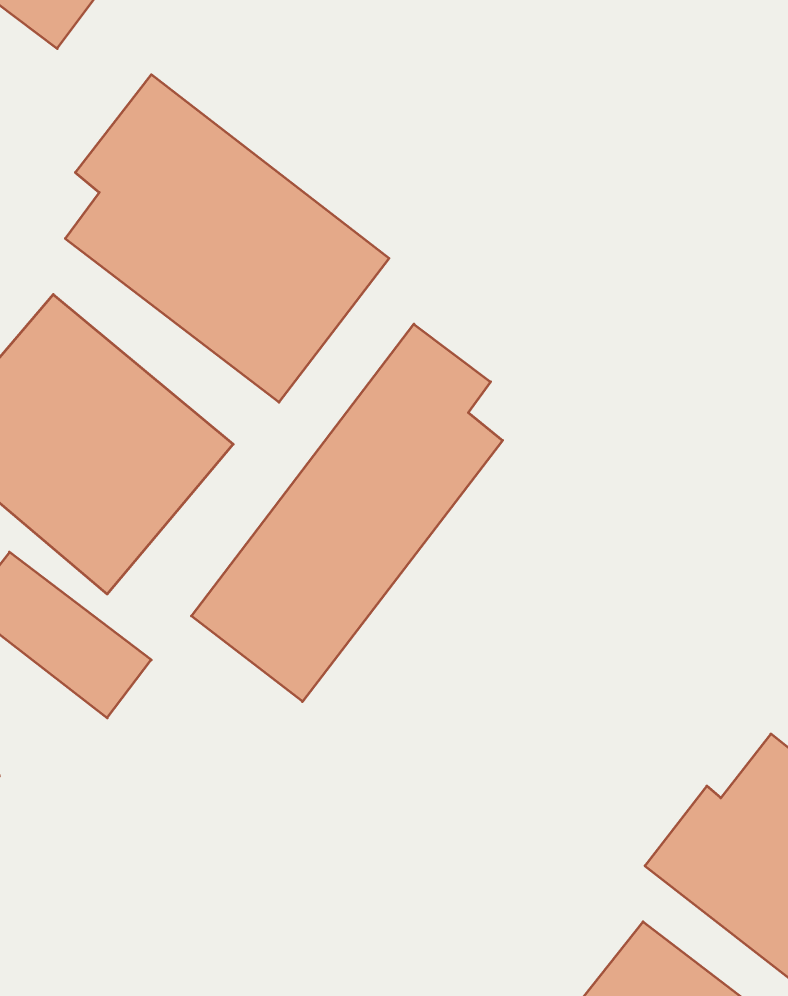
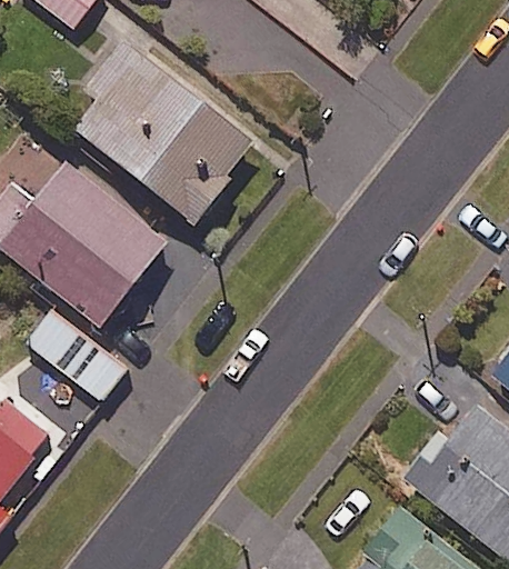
building: [191,324,503,702] -> none

